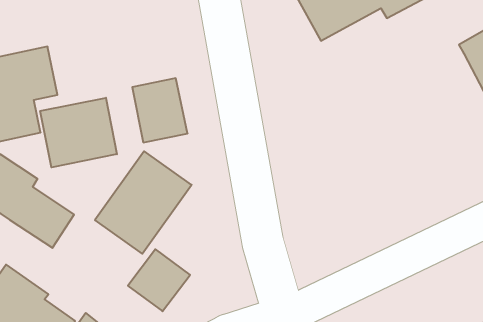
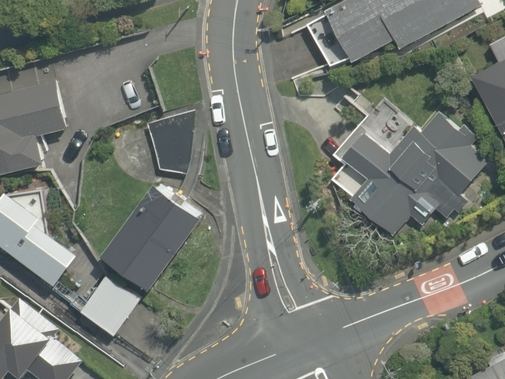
building: none -> [343,110,488,236]
building: [40,98,117,167] -> none
building: [128,249,190,311] -> [79,273,142,336]

